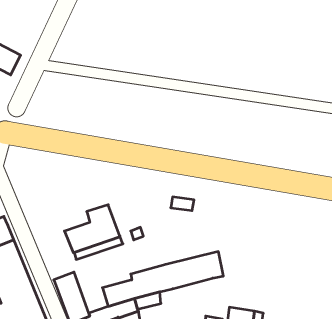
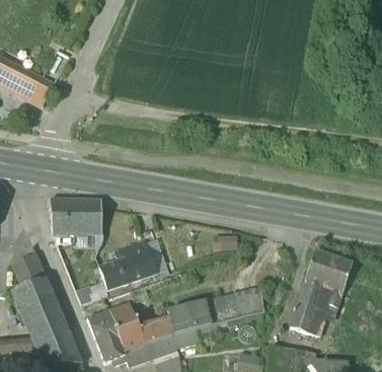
building: none -> [49,198,101,234]
building: none -> [290,250,352,337]
building: none -> [108,302,144,352]

